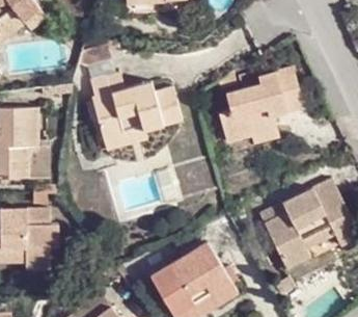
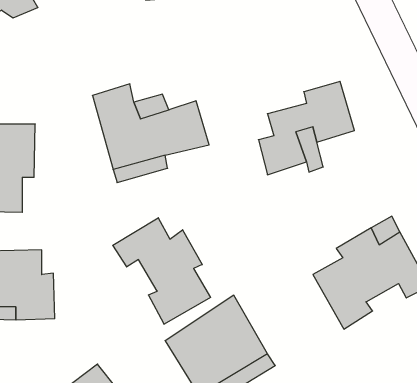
building: none -> [113,218,211,324]

